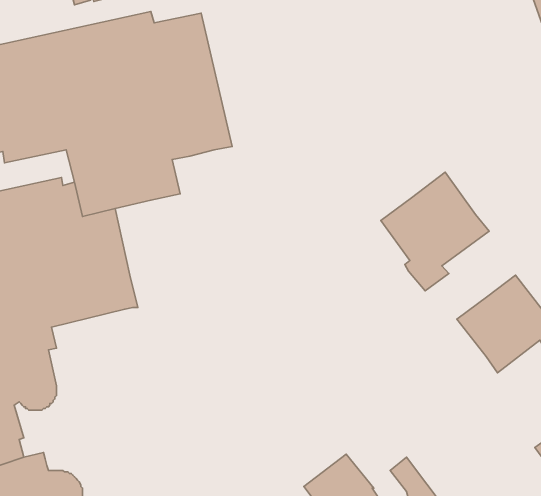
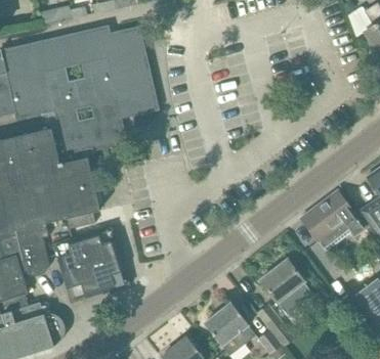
building: [381,172,489,291] -> none
building: none -> [52,225,130,303]
building: none -> [259,259,313,315]

